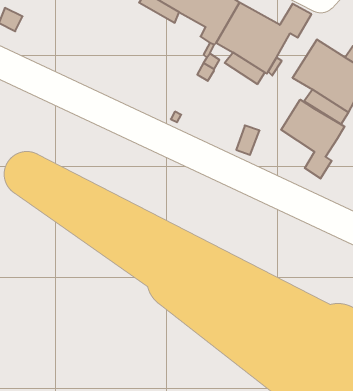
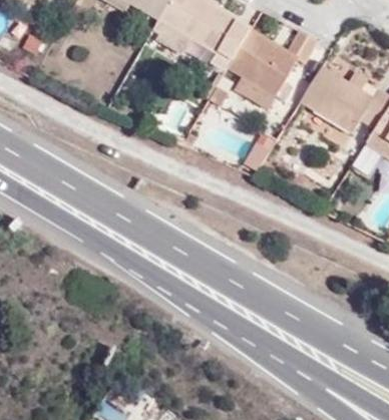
building: [281,100,345,179] -> none

